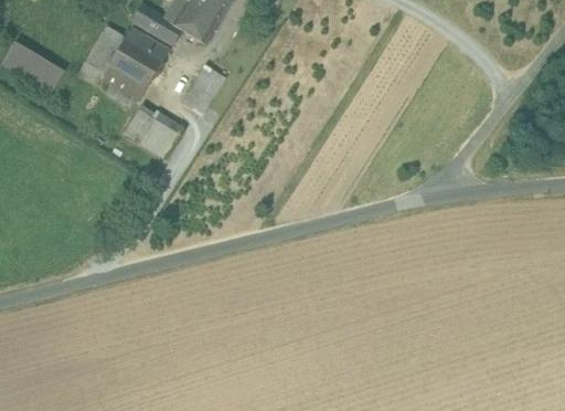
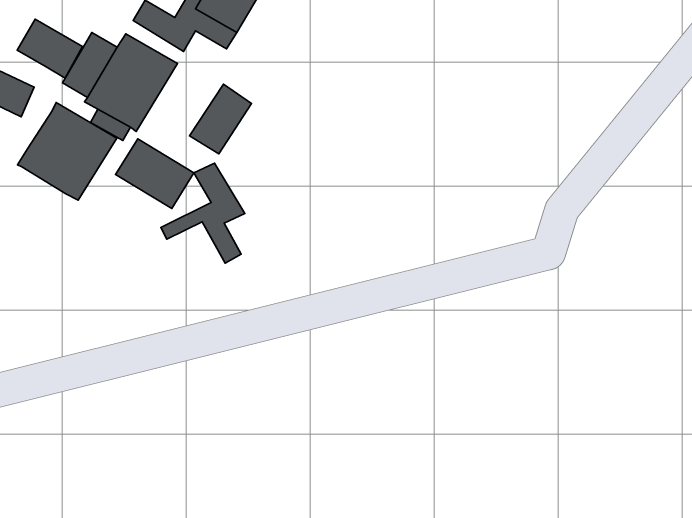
building: none -> [17,19,83,78]
building: none -> [18,103,117,200]
building: none -> [161,163,245,263]

